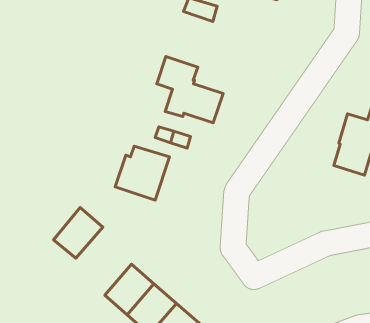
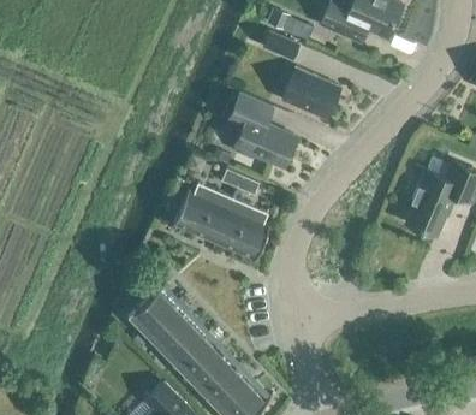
building: none -> [282,67,341,118]
building: none -> [215,197,270,259]
building: [54,208,103,258] -> [131,284,184,337]

